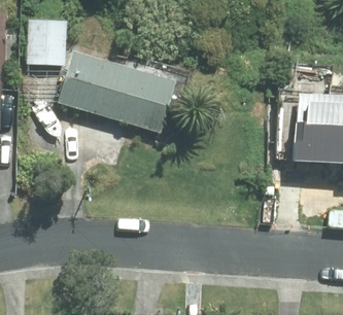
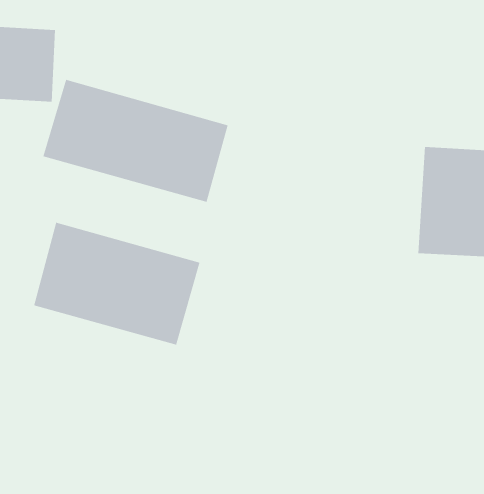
building: none -> [33,222,200,345]

